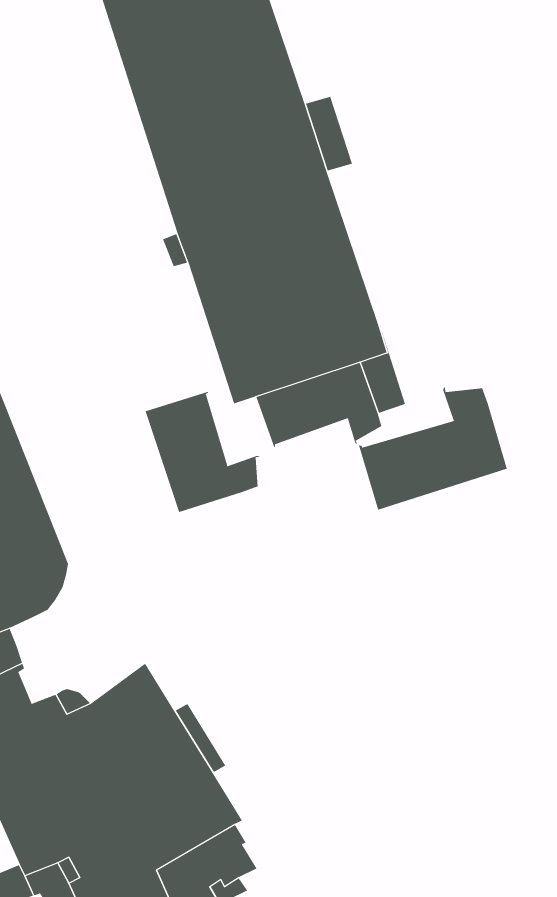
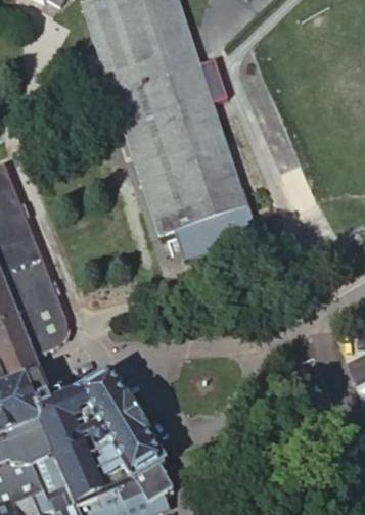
building: [358,386,508,511] -> none
building: [145,391,261,513] -> none

